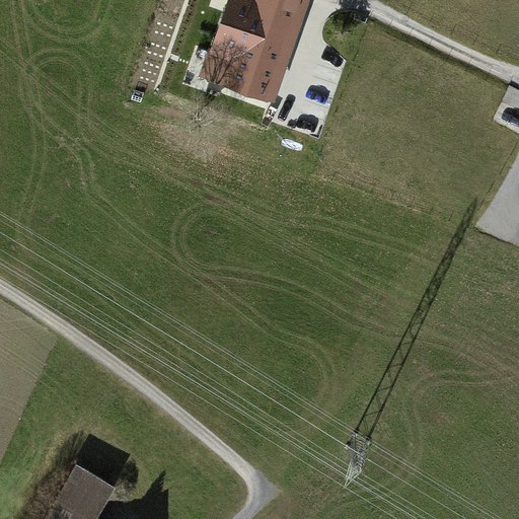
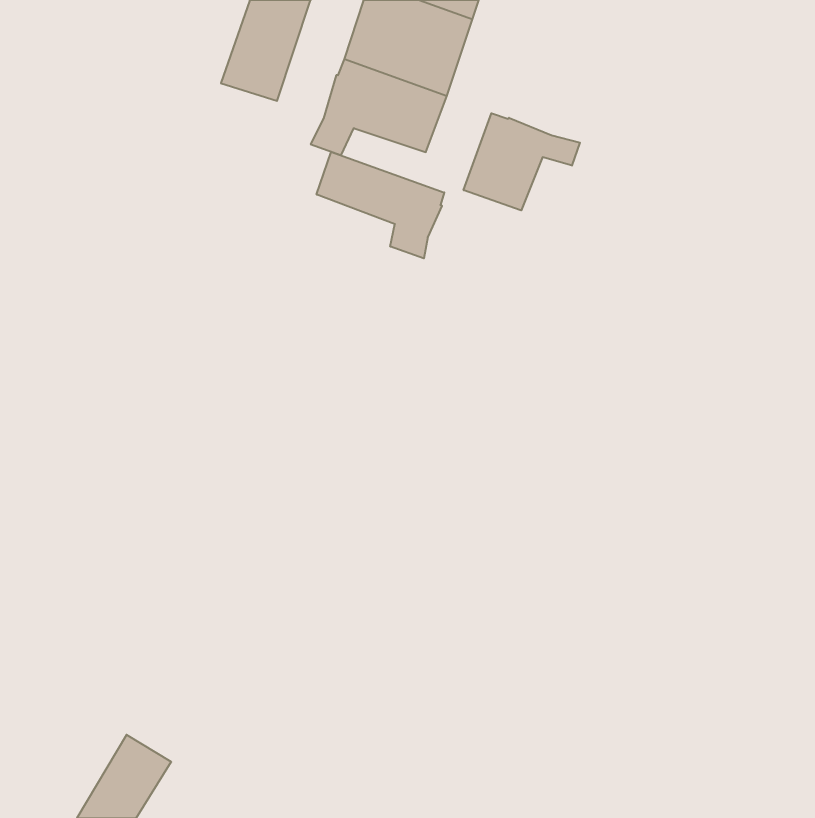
building: none -> [464,113,580,210]
building: none -> [317,152,444,258]

